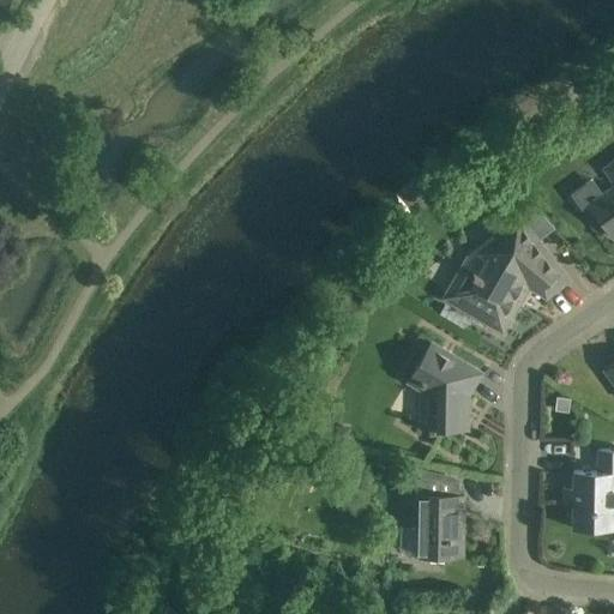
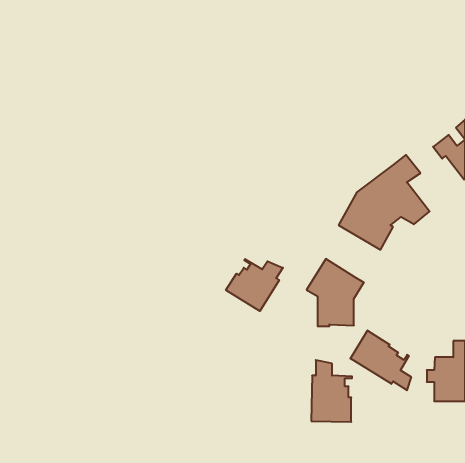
building: none -> [226,259,283,311]
building: none -> [350,330,411,390]

